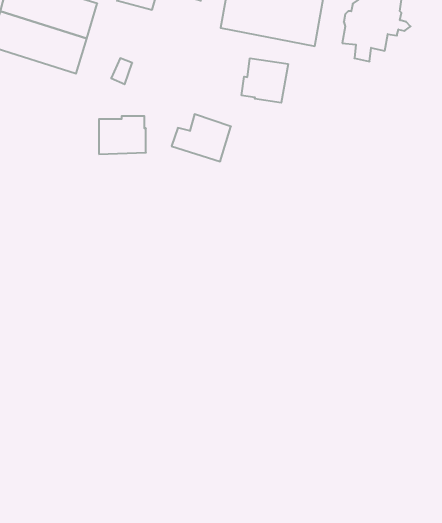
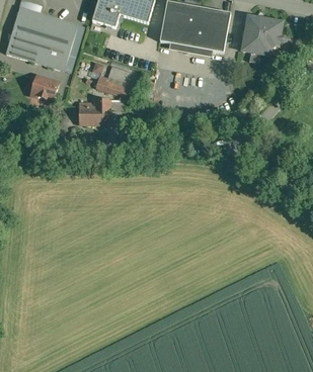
building: [242,58,288,103] -> none
building: none -> [30,75,59,101]
building: [172,114,231,161] -> [95,67,135,98]

